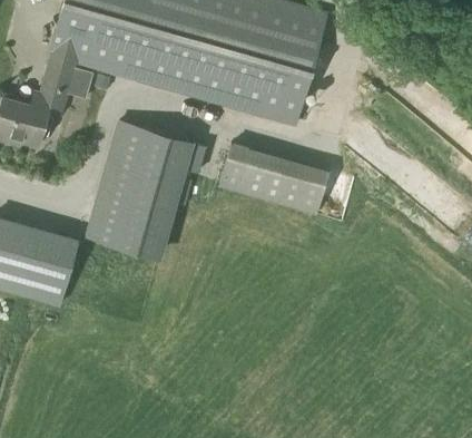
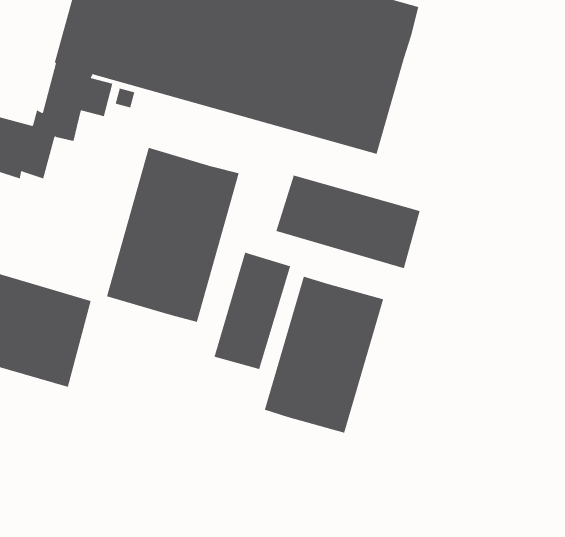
building: none -> [214,252,291,370]
building: none -> [264,276,384,433]

